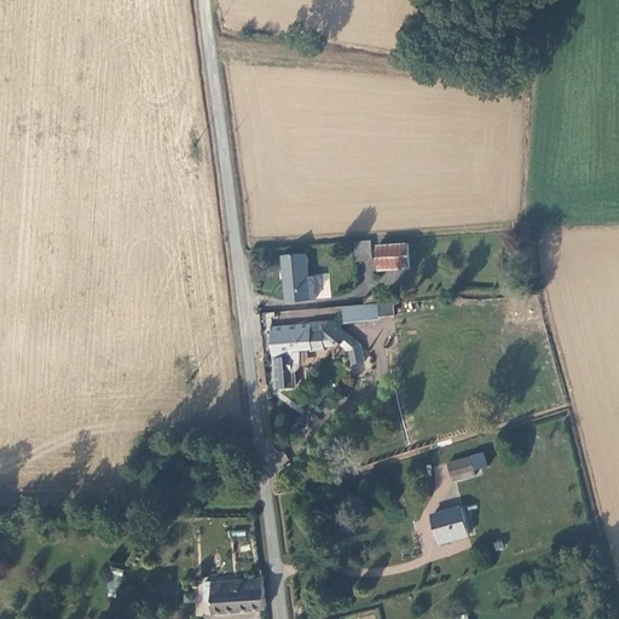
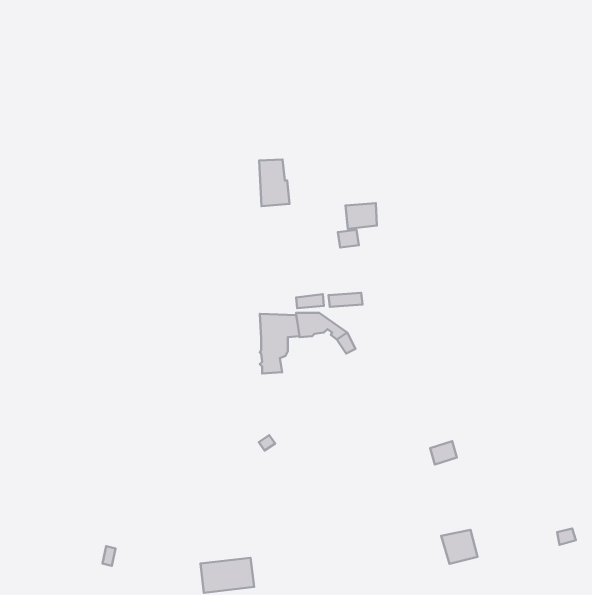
building: [376,244,409,271] -> [345,203,377,229]
building: [282,254,313,302] -> [259,159,289,206]
building: [429,508,467,543] -> [441,530,477,564]

